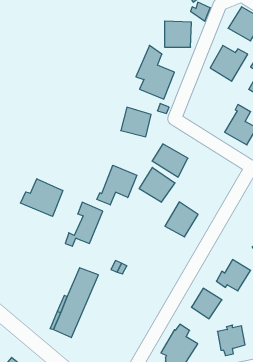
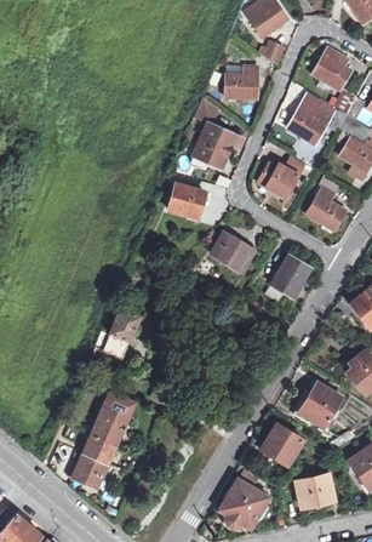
building: none -> [254,154,305,199]
building: [97,165,137,205] -> none
building: [139,167,175,202] -> none
building: [20,179,63,216] -> none
building: [165,202,198,237] -> [268,251,313,298]

